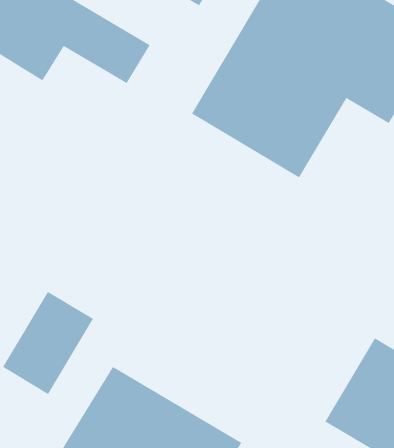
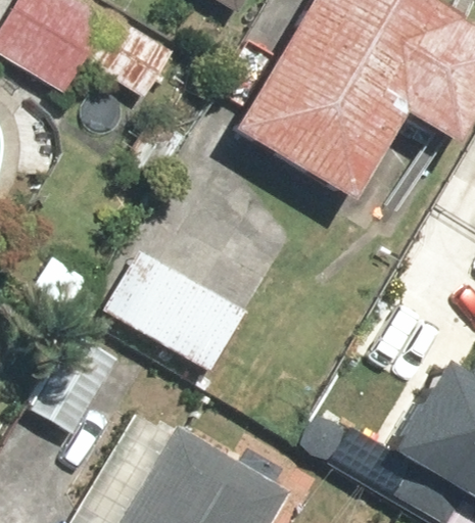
building: none -> [99,247,247,372]

